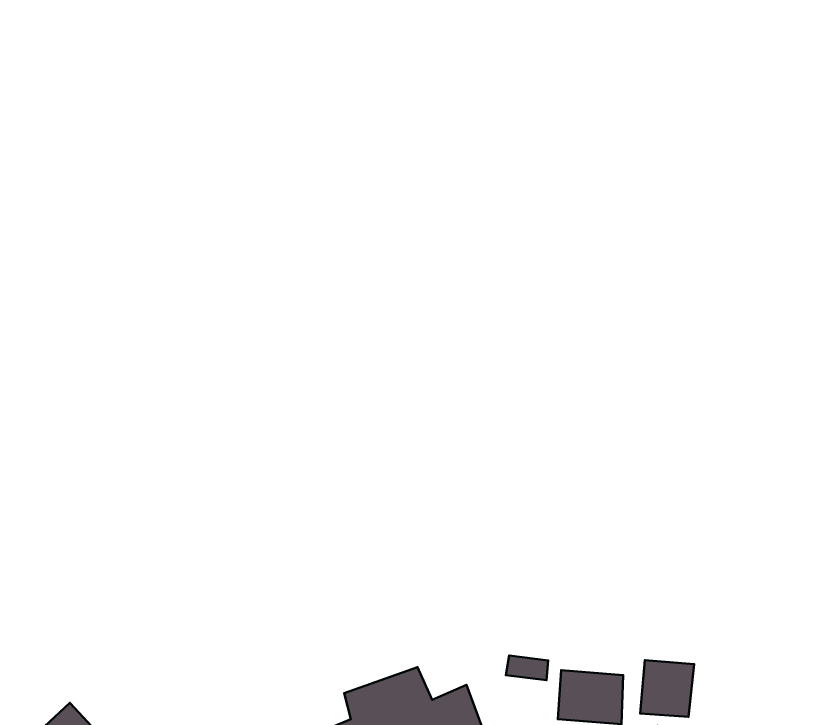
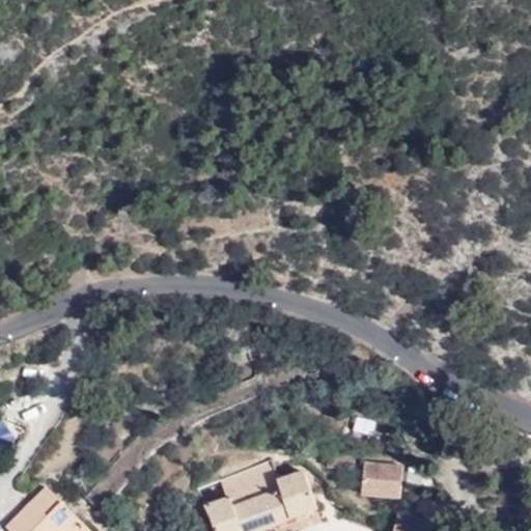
building: [640,660,694,717] -> none

